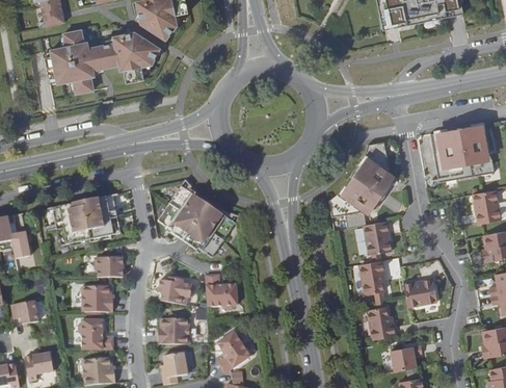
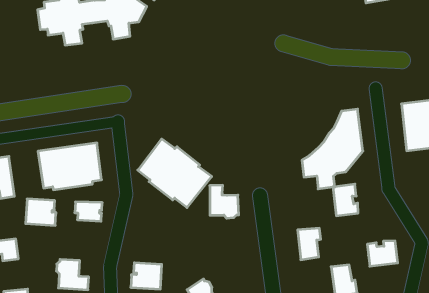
building: [359,261,384,295] -> [298,228,321,260]
building: [206,274,238,308] -> [210,185,239,218]
building: [158,277,192,304] -> none
building: [82,285,113,311] -> [26,199,56,225]

